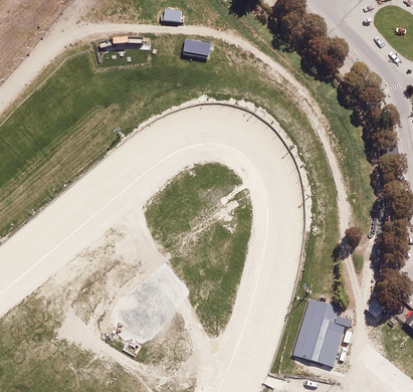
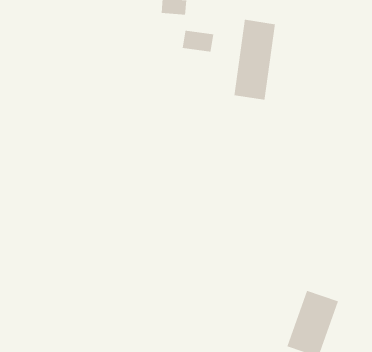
building: none -> [234,19,276,101]

